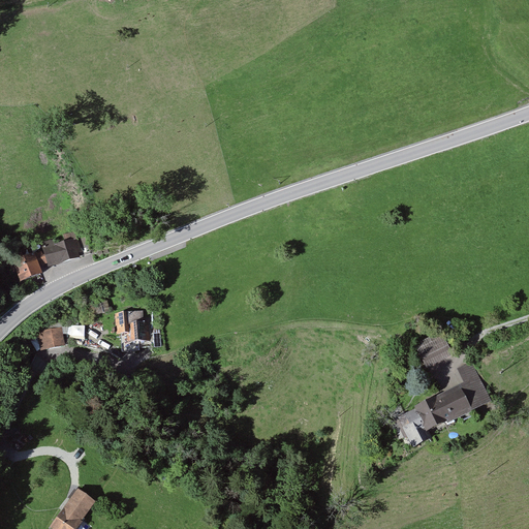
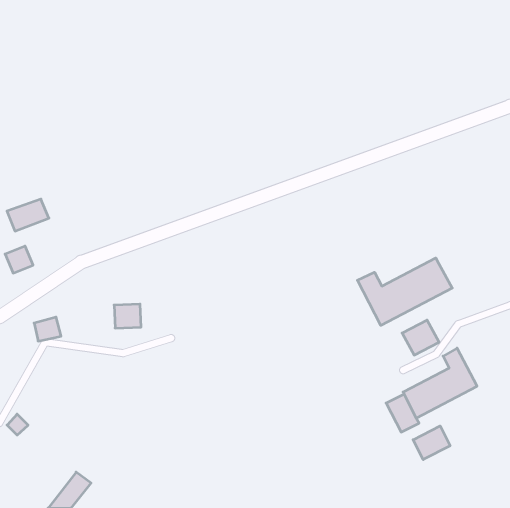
building: [32,236,75,269] -> [7,199,49,231]
building: none -> [357,258,452,325]
building: none -> [413,426,450,460]

